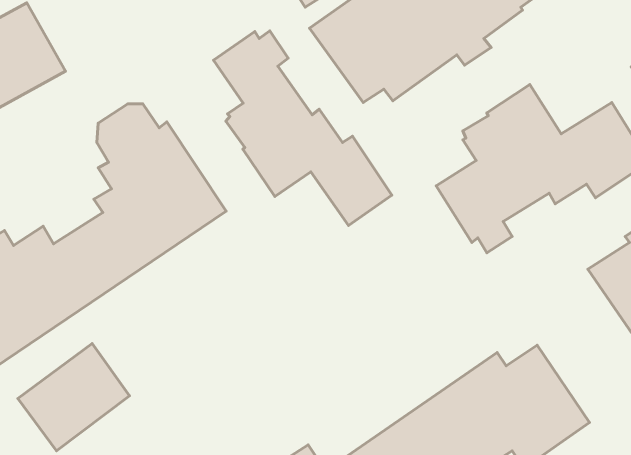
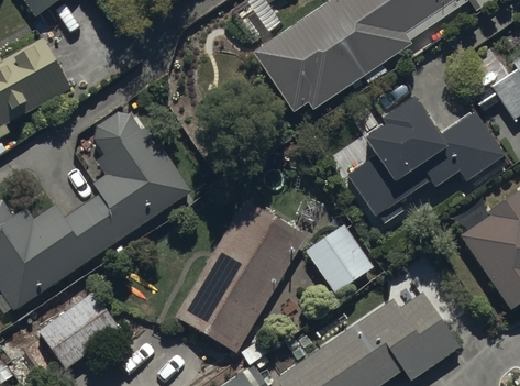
building: [213,31,392,225] -> none
building: none -> [176,199,303,349]
building: none -> [305,222,374,293]

